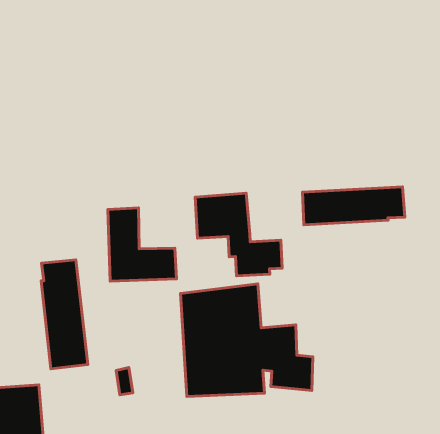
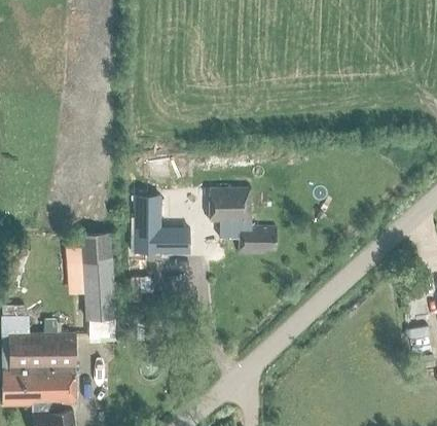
building: [302,187,405,225] -> none
building: [181,284,313,397] -> none

